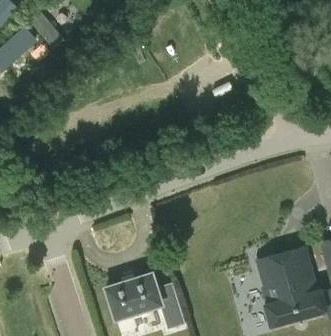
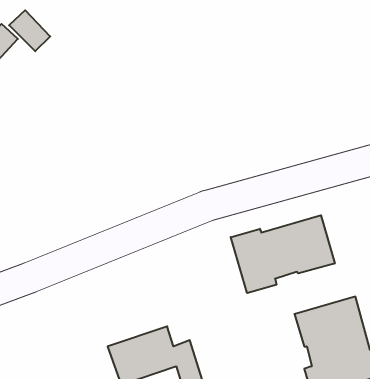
building: none -> [231,215,335,293]

